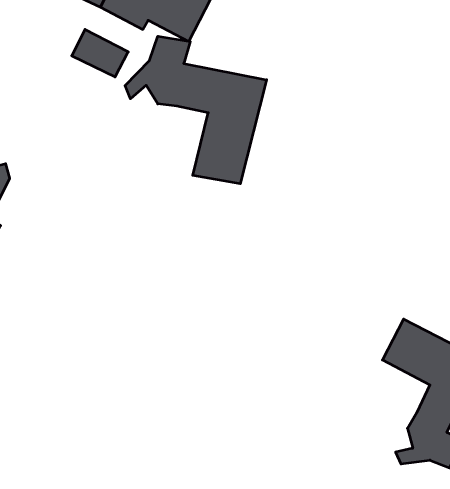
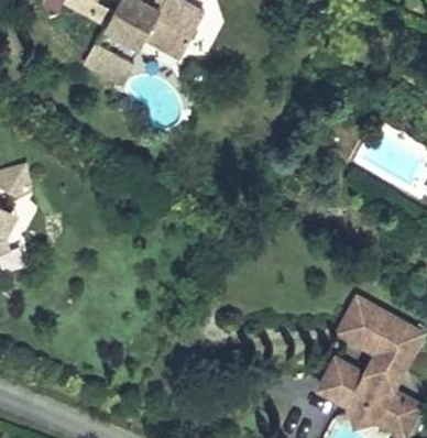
building: [125,36,267,184] -> none
building: none -> [322,359,368,406]

